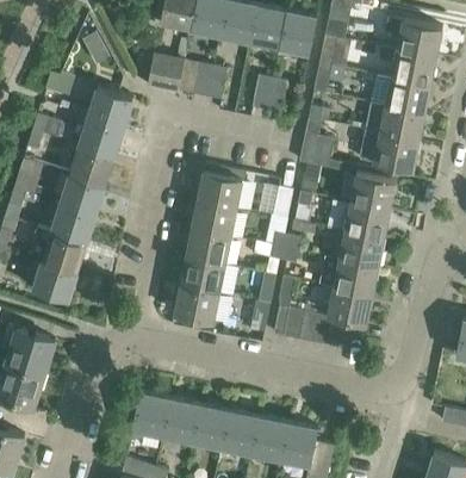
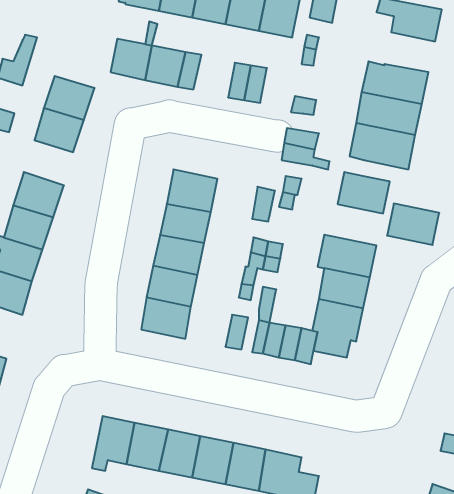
building: [379,46,436,85] -> none
building: [69,145,113,186] -> none
building: [343,203,390,240] -> [387,204,439,245]

